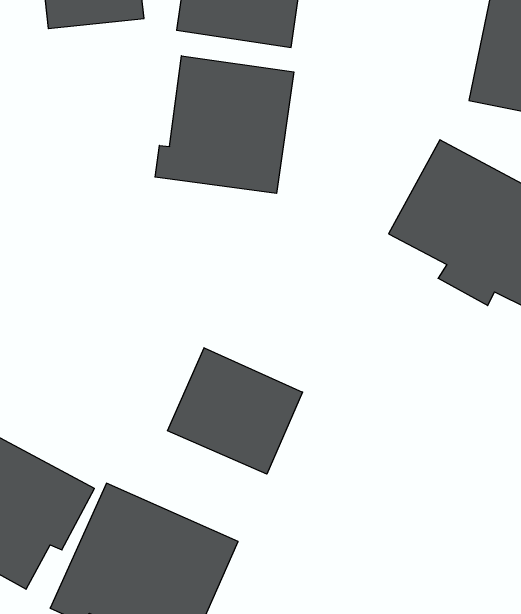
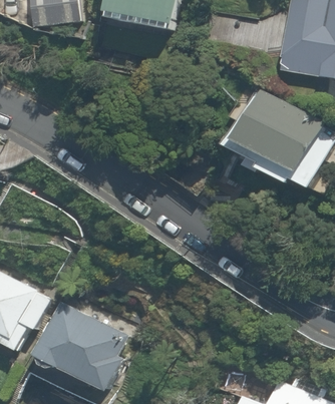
building: [155,56,294,193] -> none
building: [167,348,303,474] -> none

